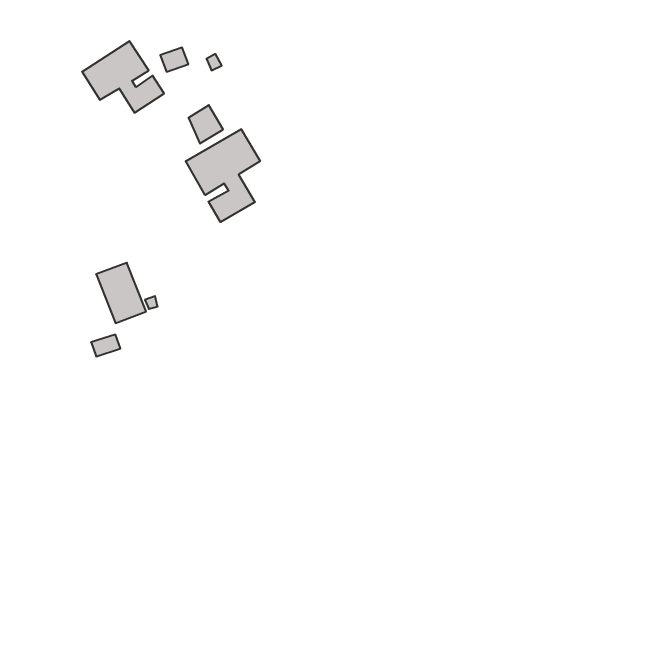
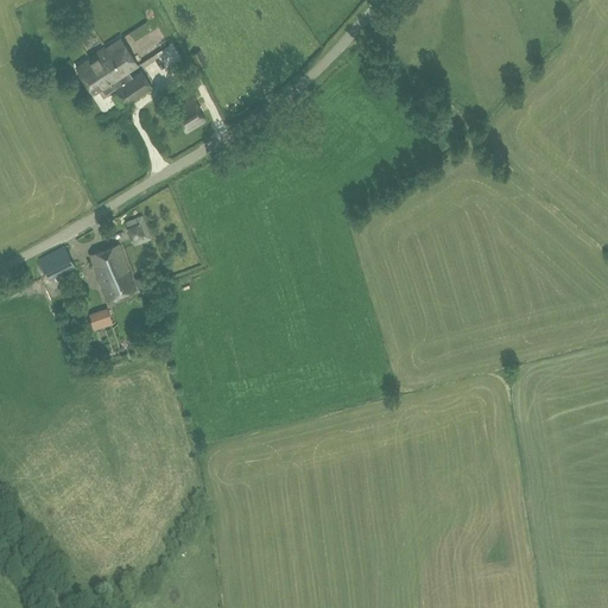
building: [186,129,260,222] -> none
building: none -> [38,246,76,280]

